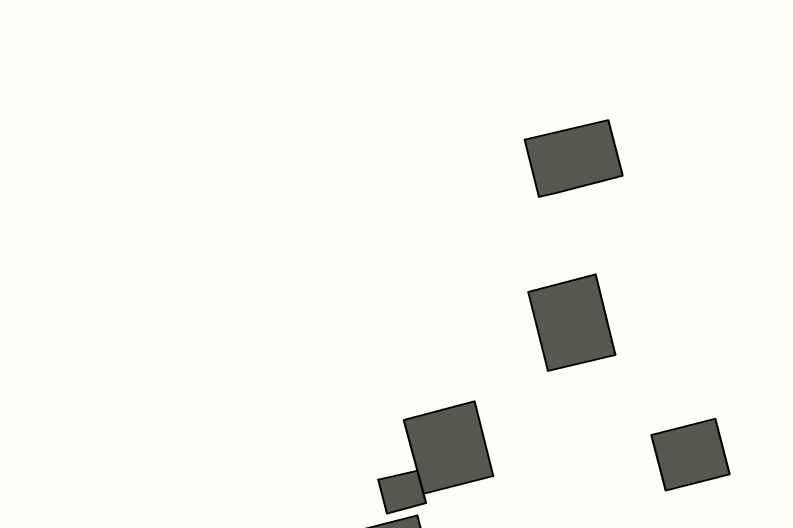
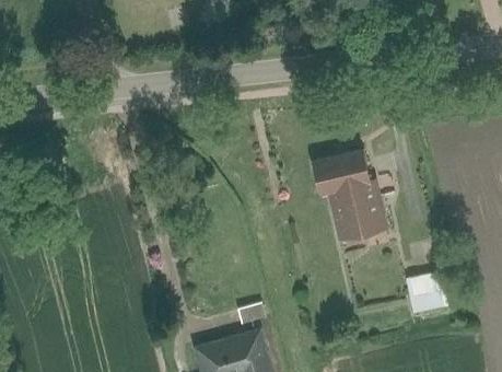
building: [525,120,623,197] -> [312,149,372,196]
building: [404,401,493,494] -> none

